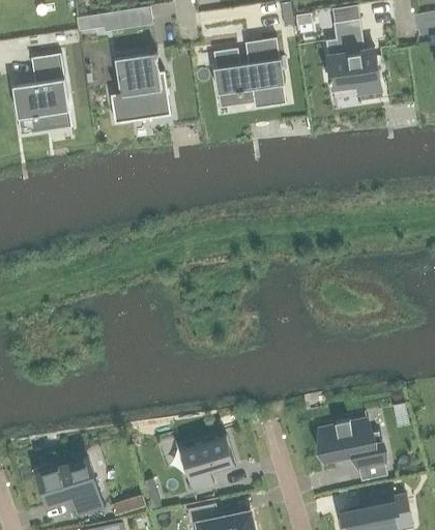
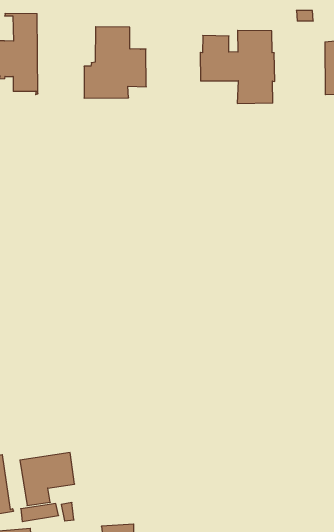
building: [319,420,386,481] -> none
building: [181,437,234,491] -> [20,453,75,506]

